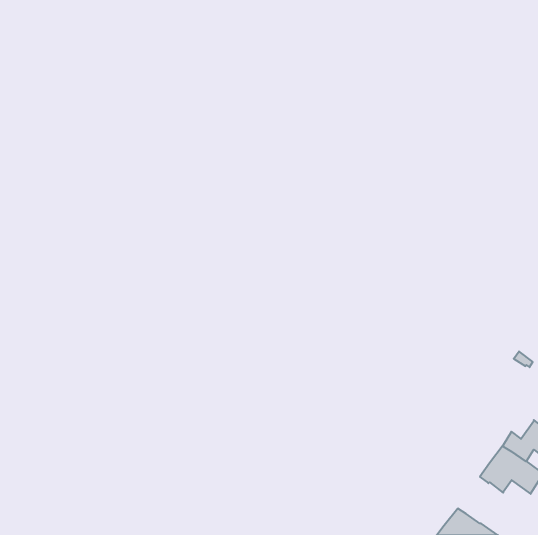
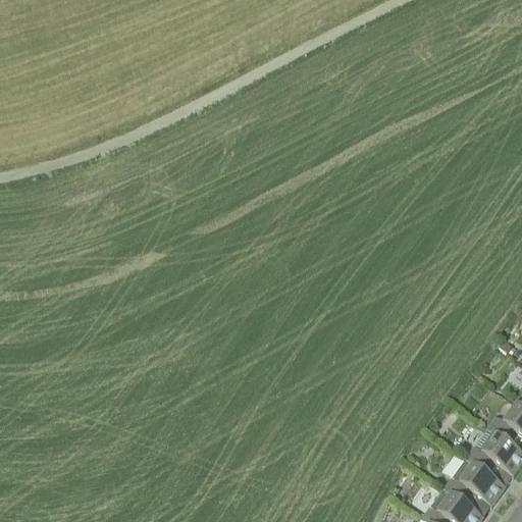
building: none -> [443,461,506,508]

